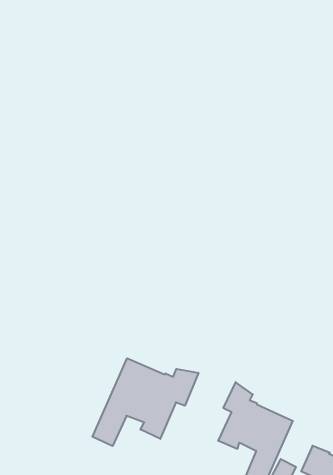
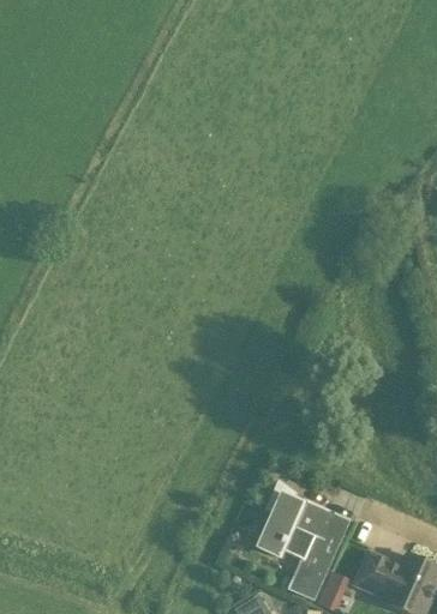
building: [92,358,198,446] -> none

